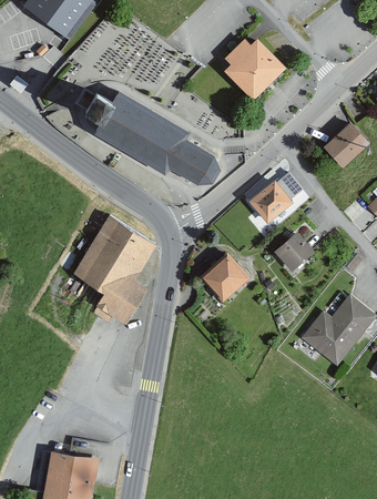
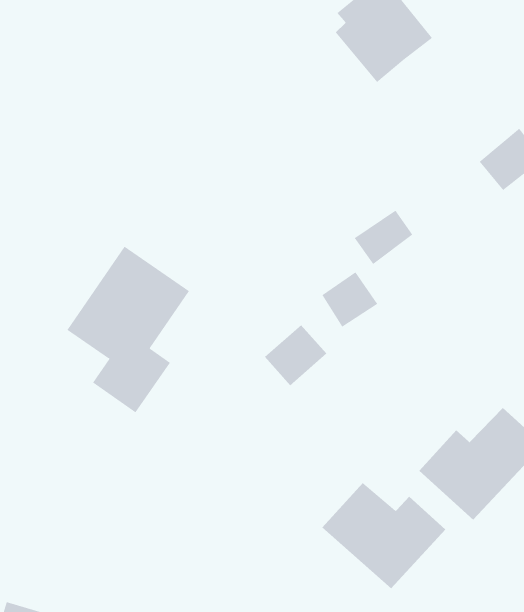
building: [86,95,218,187] -> none
building: [273,231,308,266] -> [322,272,378,327]
building: none -> [321,482,446,589]

